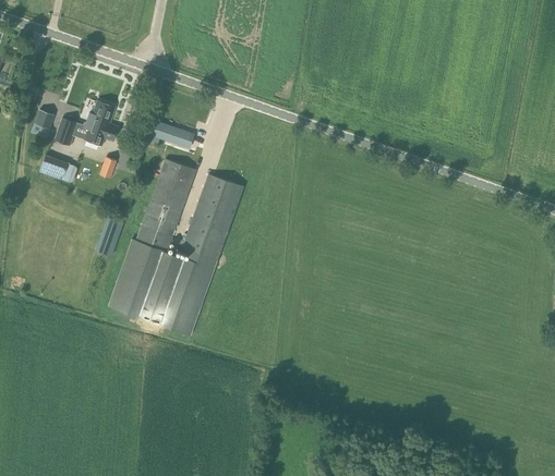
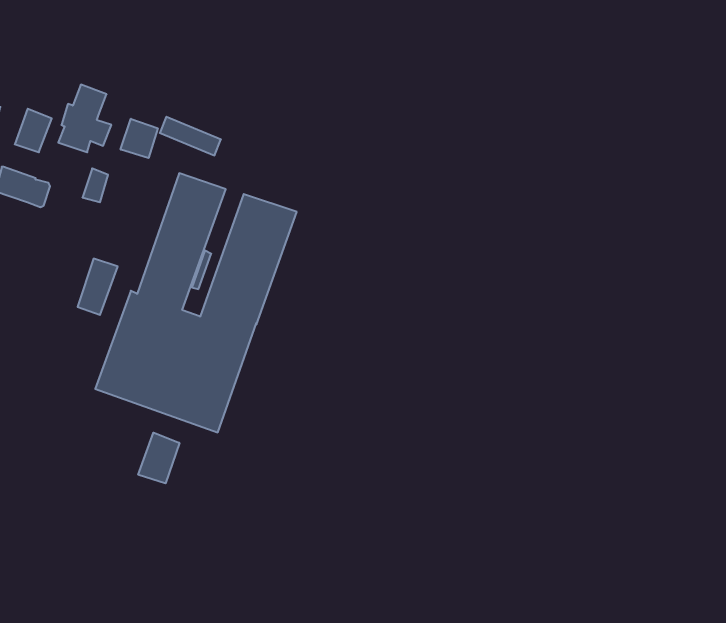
building: none -> [121,119,158,158]
building: none -> [138,433,179,483]

